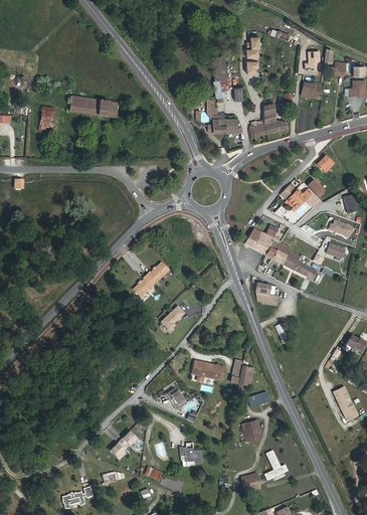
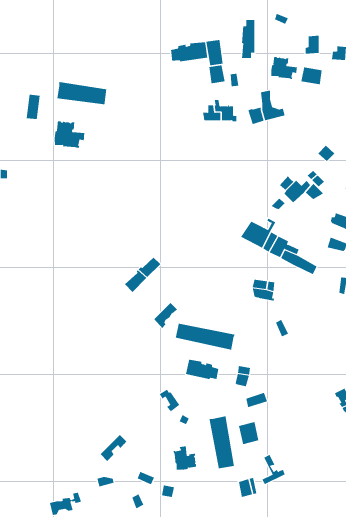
building: none -> [170,42,208,62]
building: none -> [271,56,297,80]
building: none -> [54,120,85,149]
building: none -> [175,323,235,351]
building: none -> [209,416,234,469]

